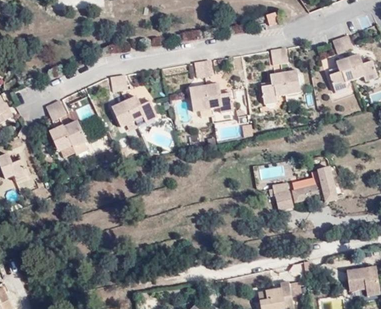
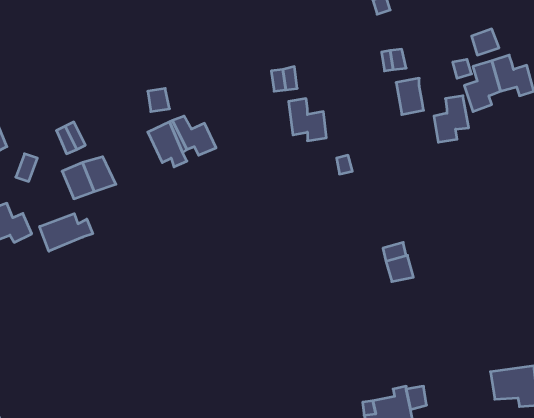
building: [261,71,285,103] -> [434,96,469,142]
building: [189,84,211,114] -> none
building: none -> [40,214,93,251]
building: [292,165,337,200] -> none

